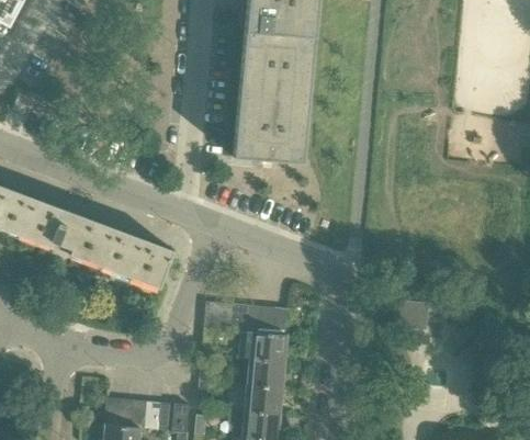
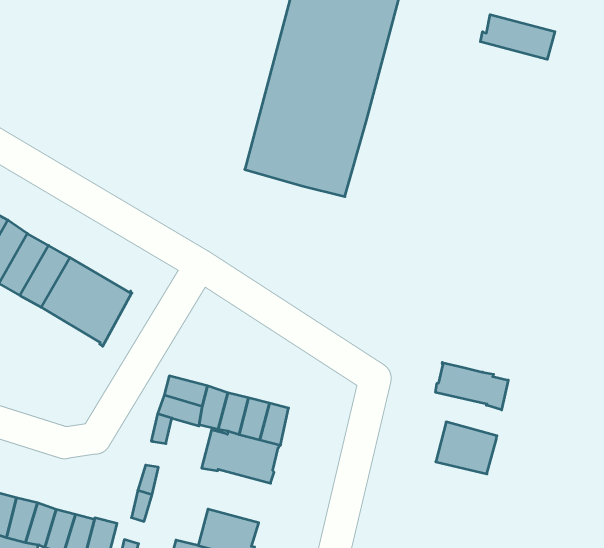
building: none -> [480,15,555,59]
building: none -> [436,362,508,410]
building: [247,358,285,388] -> none

